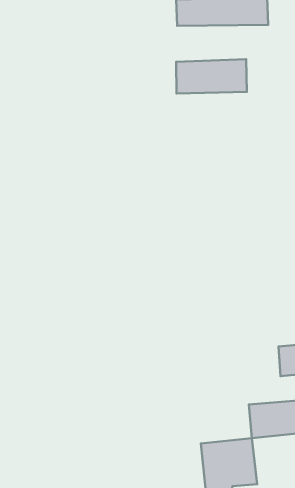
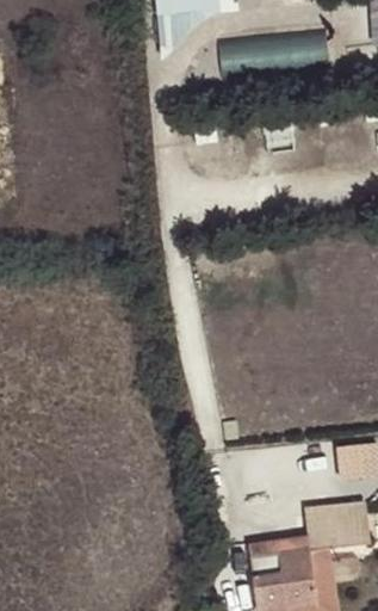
building: [176,59,247,93] -> none

